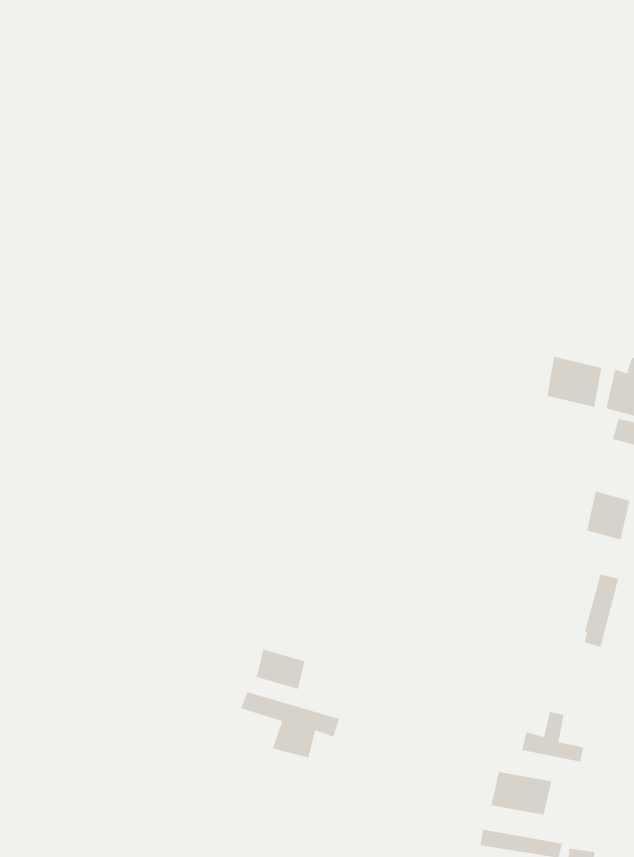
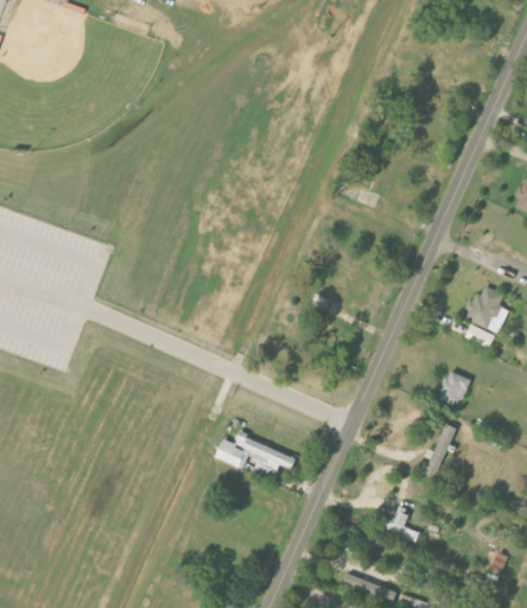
building: [546,356,602,408] -> none
building: [240,691,340,758] -> [234,432,297,481]
building: [490,771,552,816] -> none

